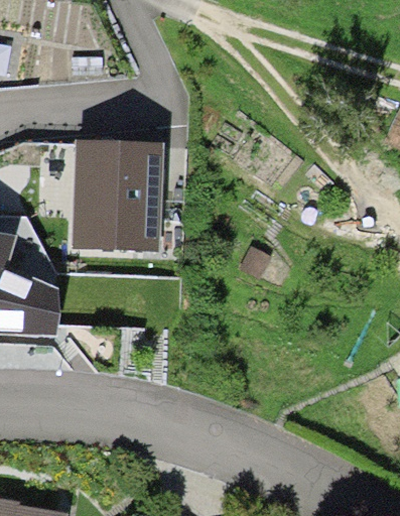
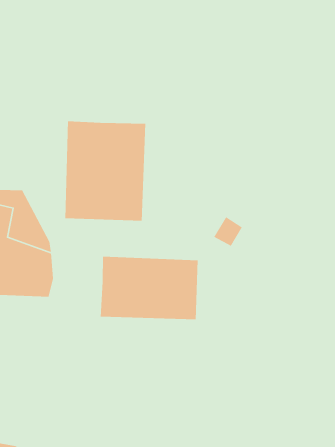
building: none -> [100,256,199,320]

